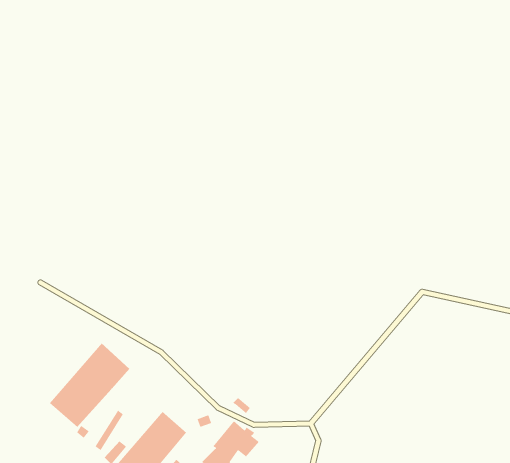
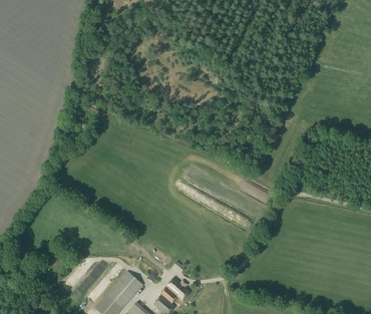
building: [49,343,130,428] -> none

